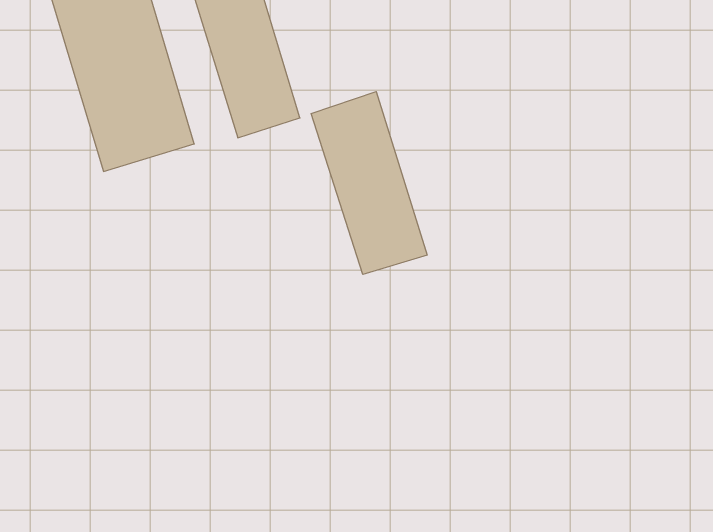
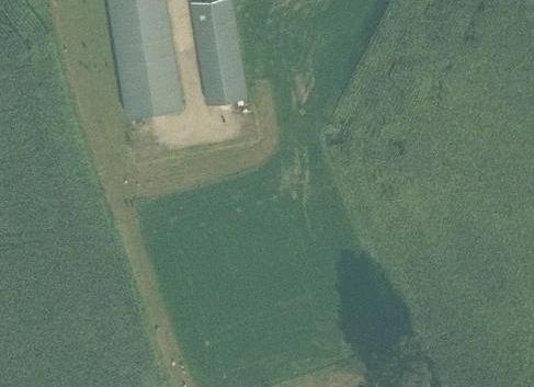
building: [311,92,427,274] -> none

